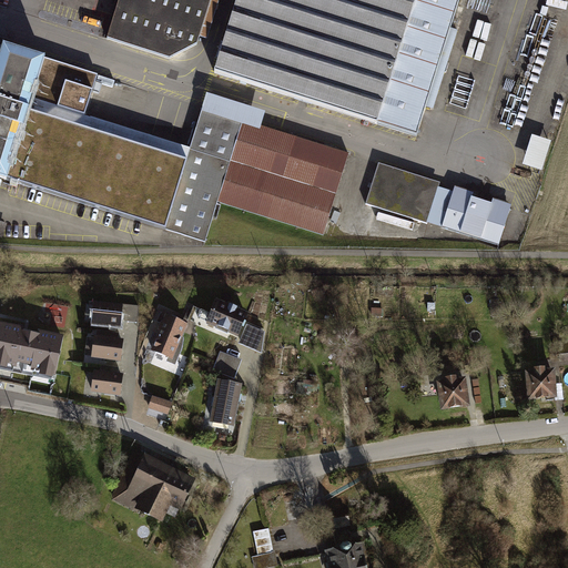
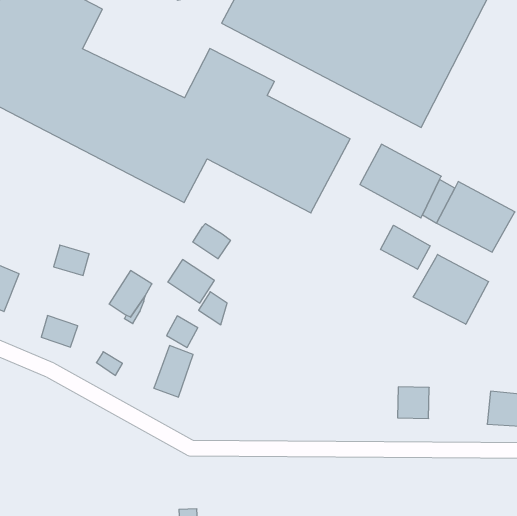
building: none -> [381,225,430,269]
building: none -> [413,254,489,324]
building: none -> [193,224,230,259]
building: [94,336,126,362] -> none
building: [109,448,193,521] -> none

